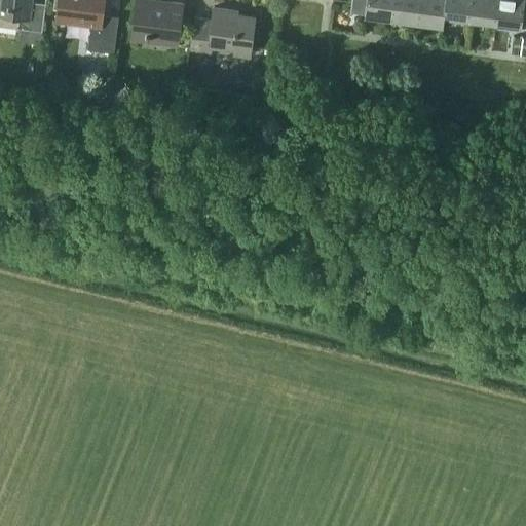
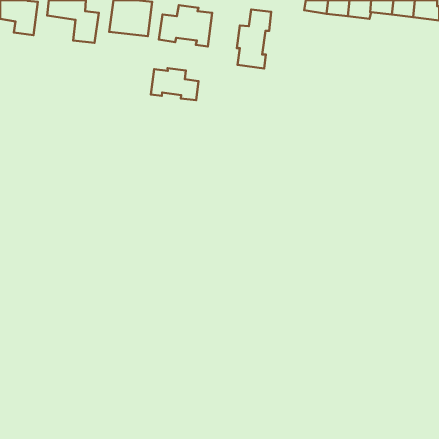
building: none -> [237,9,271,69]
building: none -> [151,68,198,100]

